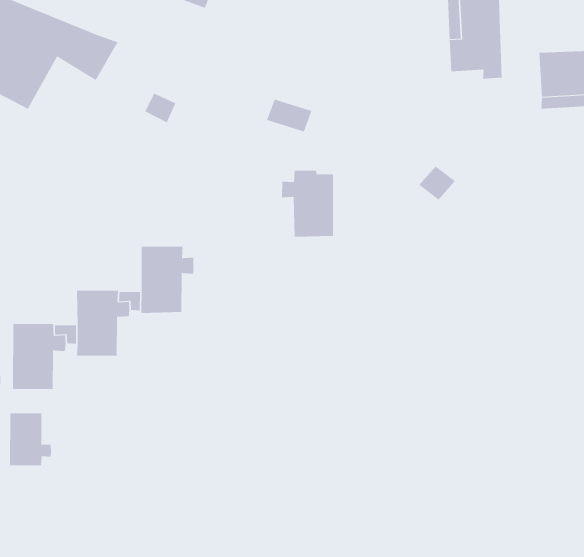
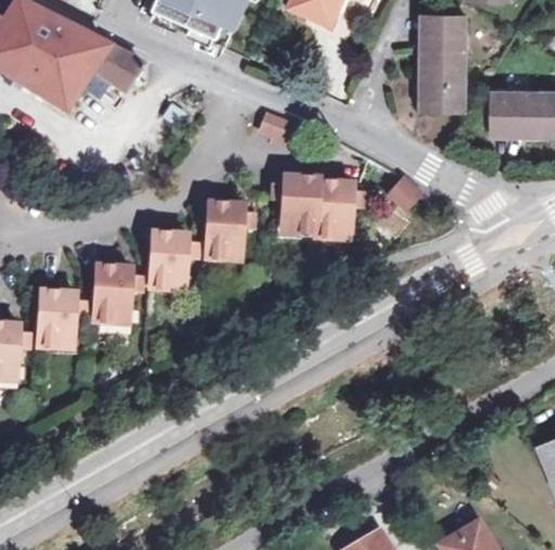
building: none -> [314,181,361,239]
building: none -> [205,203,253,260]
building: [9,412,52,466] -> none

